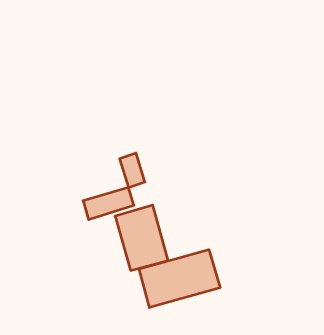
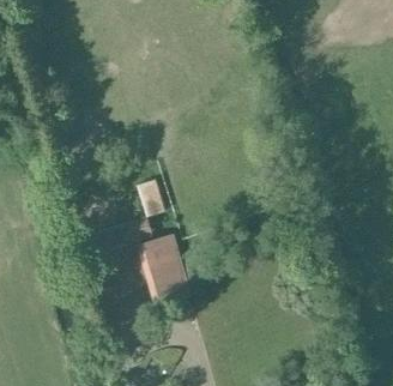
building: [139,250,220,308] -> none

